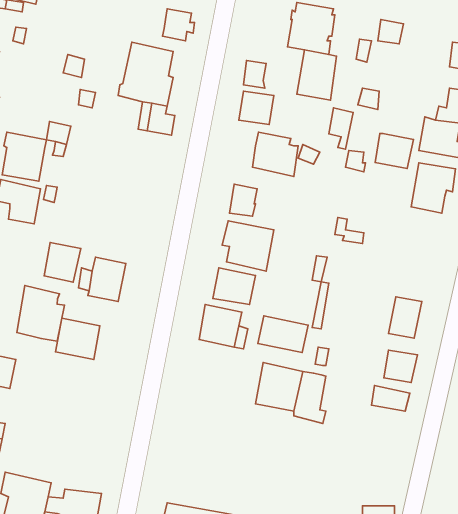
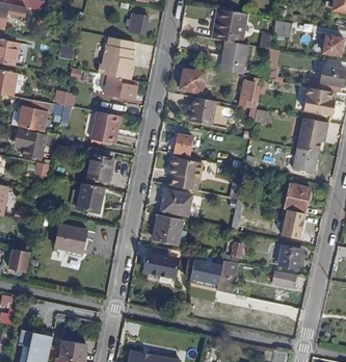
building: [375,133,413,168] -> [292,148,318,172]
building: none -> [83,111,121,144]
building: [44,242,81,282] -> [87,154,112,181]
building: none -> [275,181,310,212]
building: [17,286,64,341] -> none
building: [258,316,308,353] -> [143,252,178,277]

